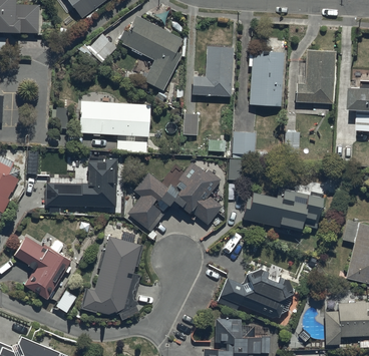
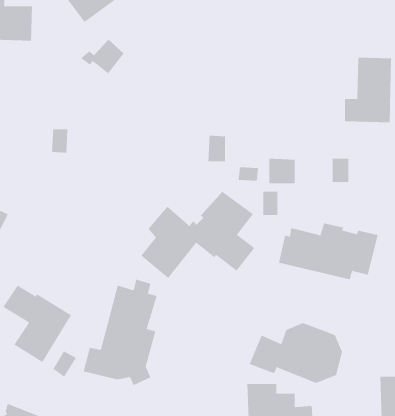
building: [118,15,182,90] -> none
building: [191,46,233,96] -> none
building: [250,50,283,106] -> none
building: [78,100,149,152] -> none
building: [45,158,117,207] -> none

